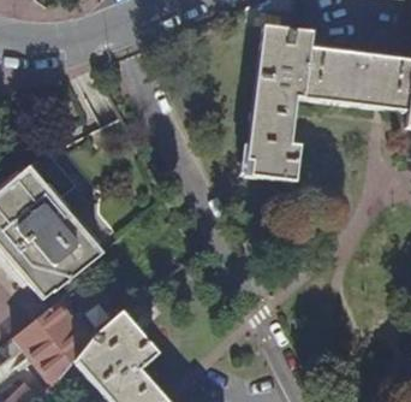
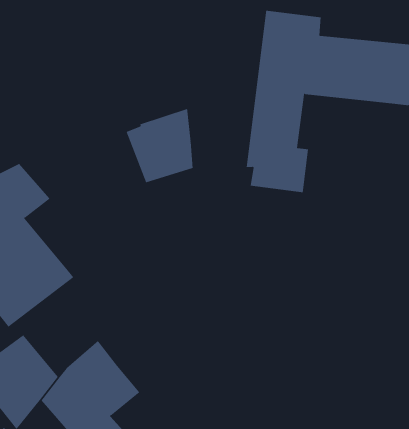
building: none -> [126,108,193,183]

